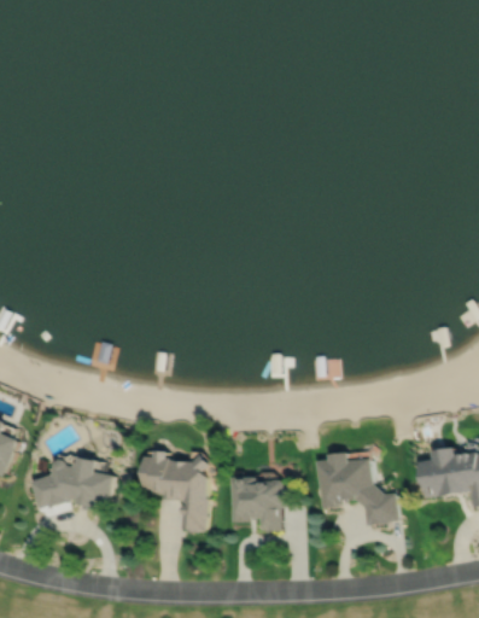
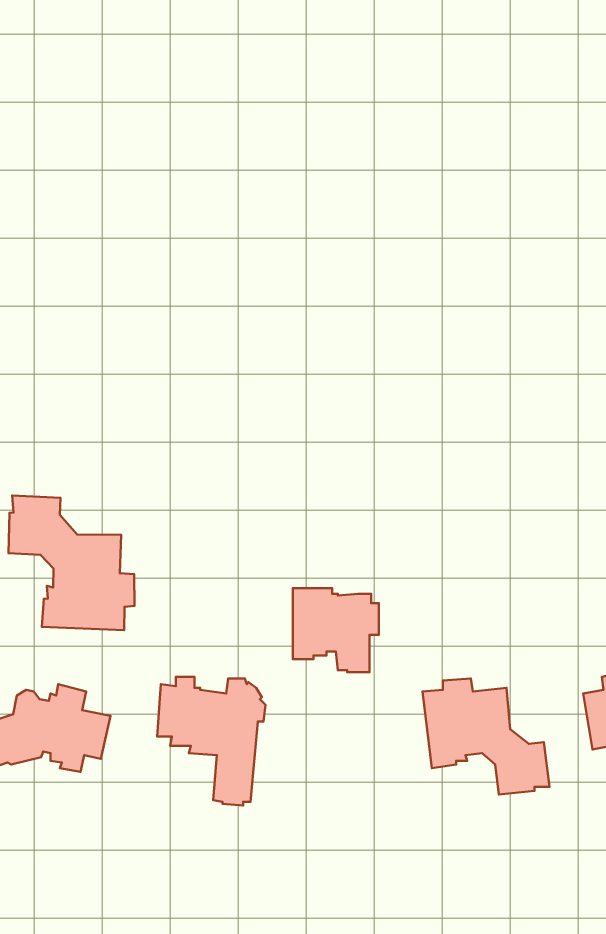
building: none -> [8,496,134,630]
building: [232,476,287,530] -> [293,588,379,672]

